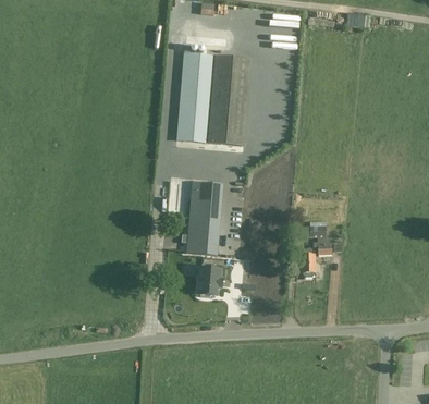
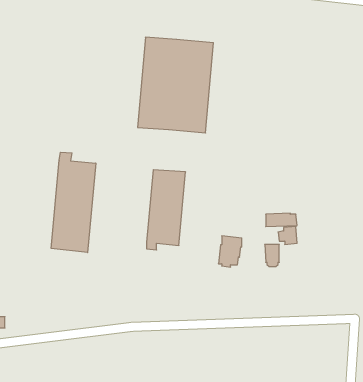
building: none -> [51,152,96,253]
building: [197,267,220,297] -> [218,236,242,267]

